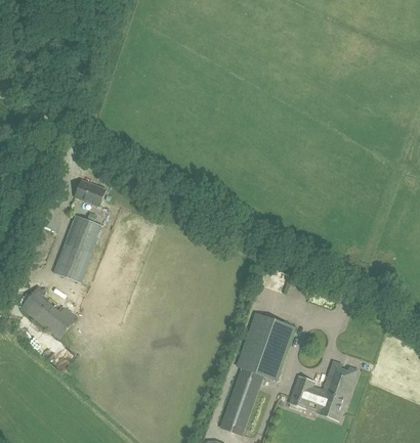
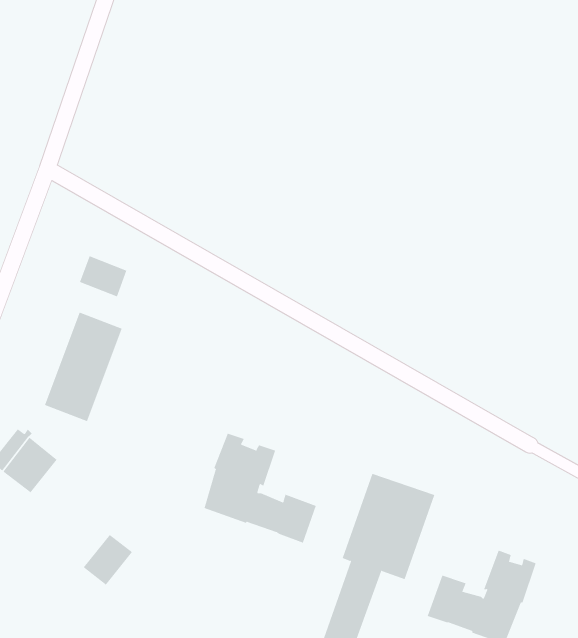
building: none -> [204,433,317,543]
building: [45,306,76,338] -> [83,534,133,586]

